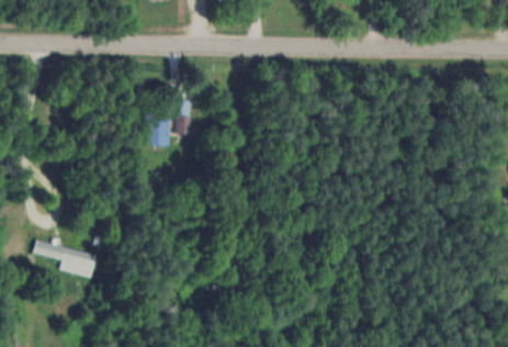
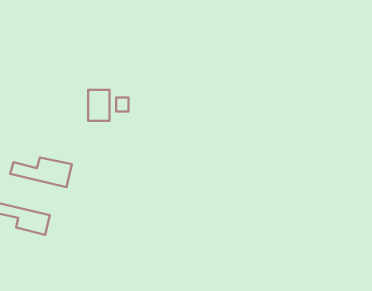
building: none -> [10,157,72,187]

